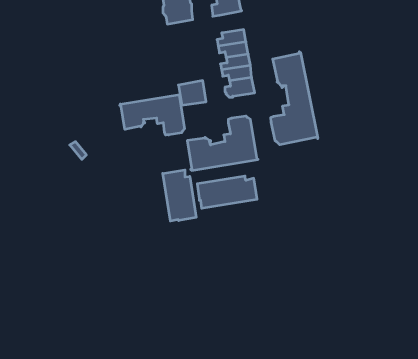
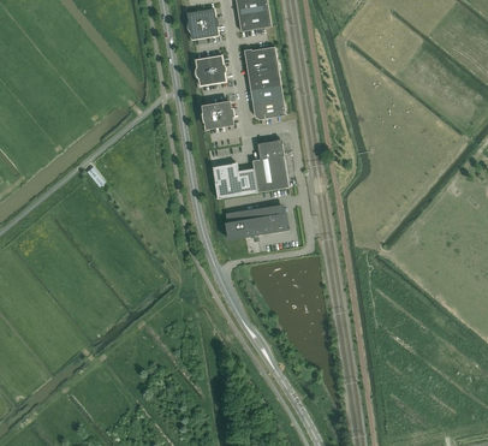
building: none -> [194,54,225,85]
building: [271,52,318,145] -> none
building: [120,95,184,135] -> none
building: [163,170,196,221] -> none

